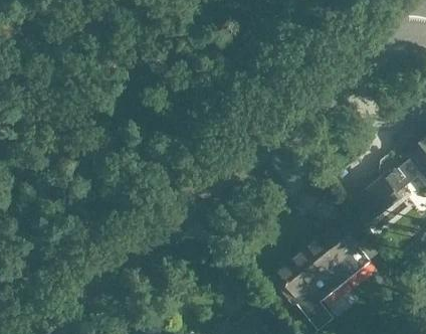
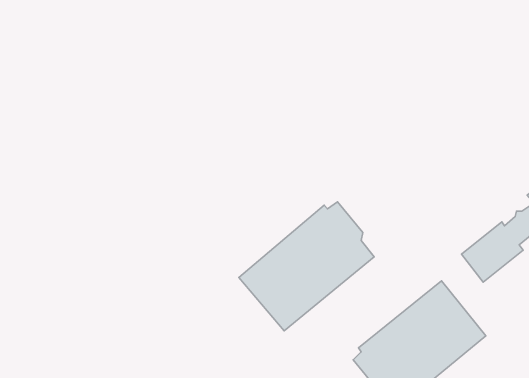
building: none -> [239,202,374,331]

